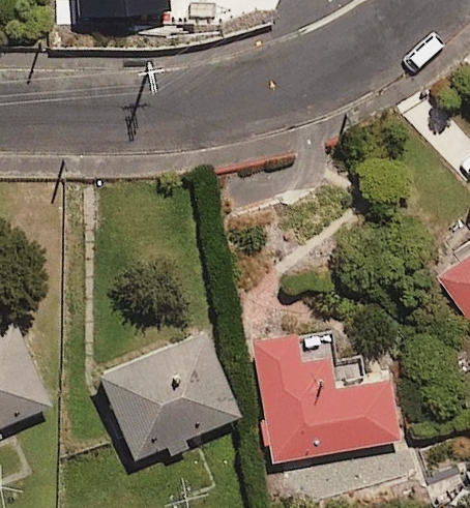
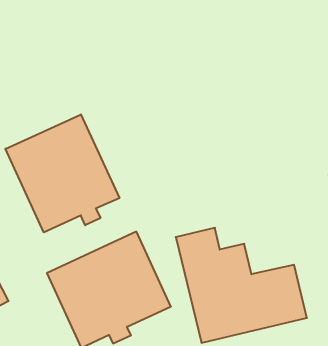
building: none -> [5,114,119,232]

